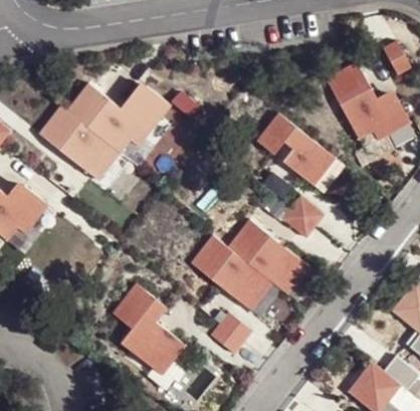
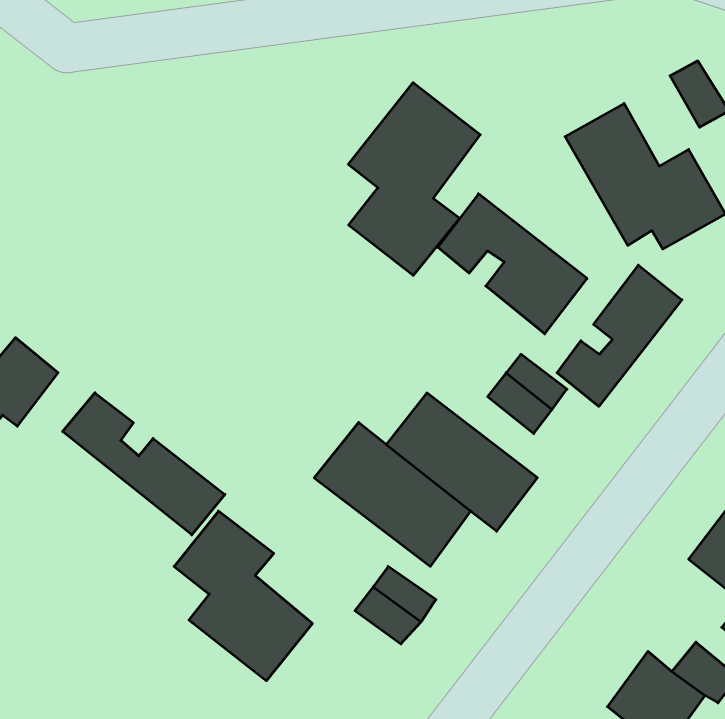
building: none -> [348,83,480,275]
building: [39,85,172,182] -> none
building: none -> [557,265,682,406]
building: none -> [63,393,225,535]

